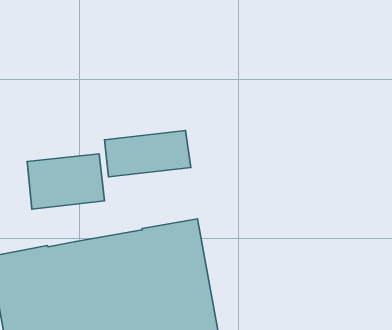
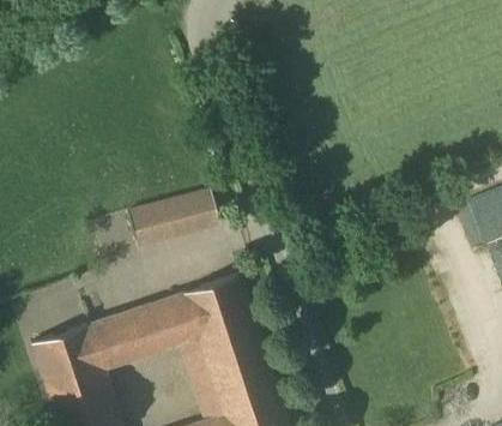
building: [27,154,105,209] -> none

